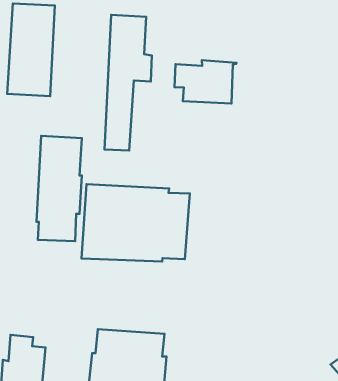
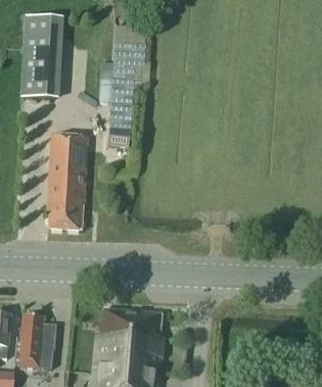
building: [174,60,236,104] -> none
building: [82,184,190,262] -> none

